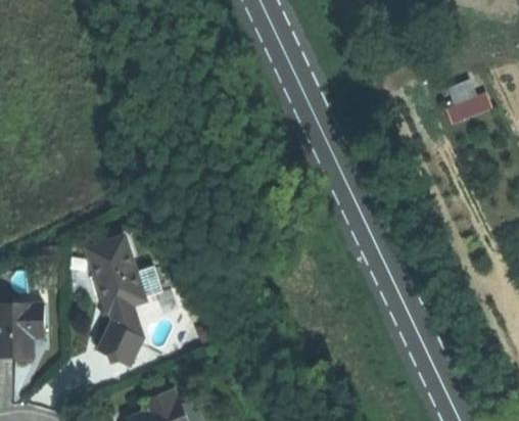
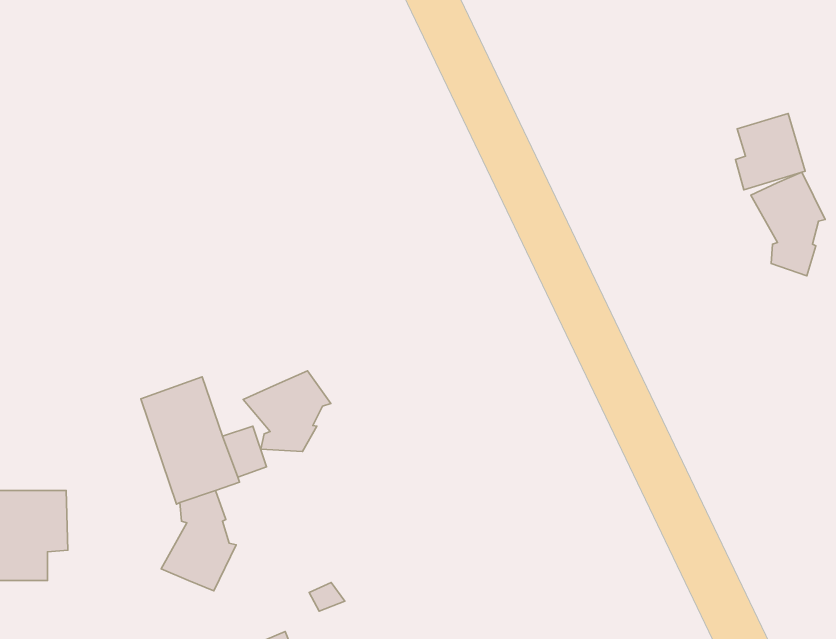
building: none -> [751,172,825,276]
building: none -> [243,371,331,451]

